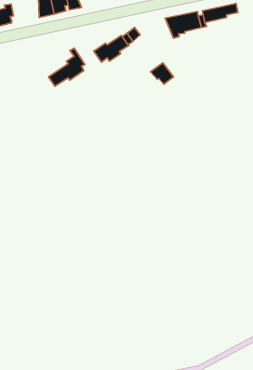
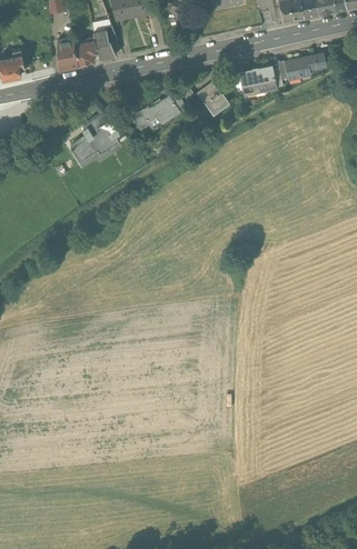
building: [150,63,174,84] -> [197,79,228,108]

